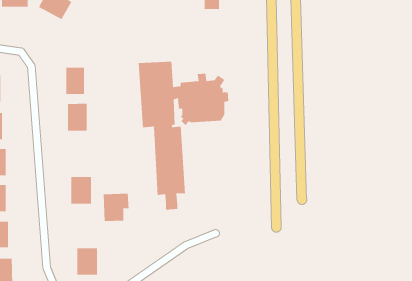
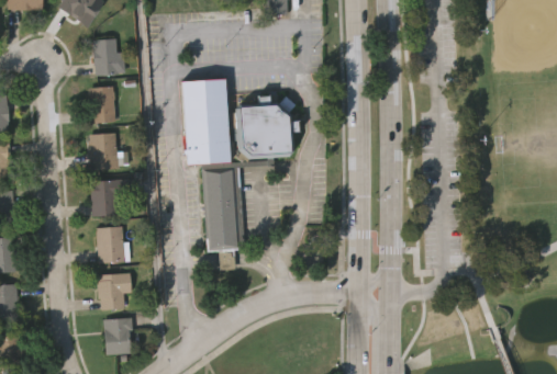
building: none -> [93,39,116,75]
building: none -> [90,180,124,215]
building: [103,193,129,222] -> [97,273,131,309]

